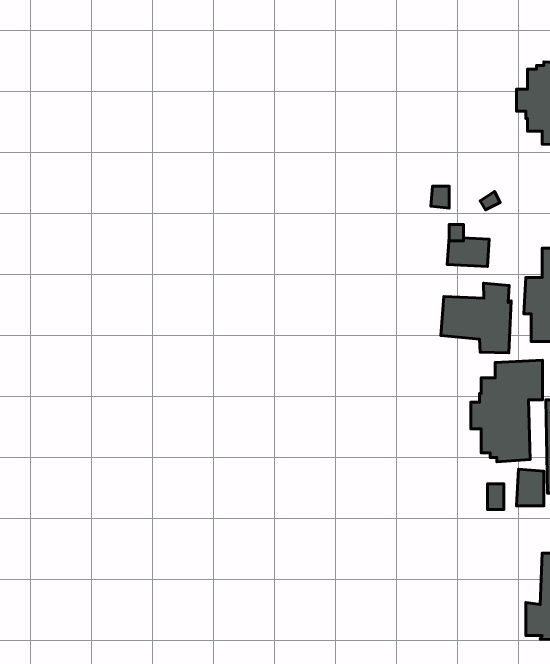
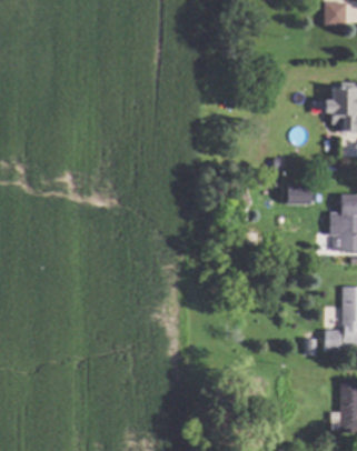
building: [441,283,511,353] -> none
building: [471,360,542,462] -> none

